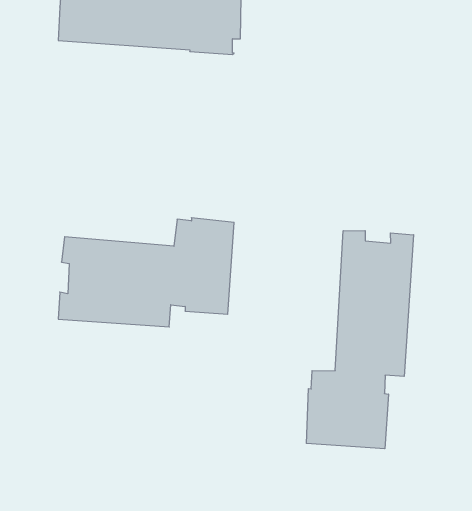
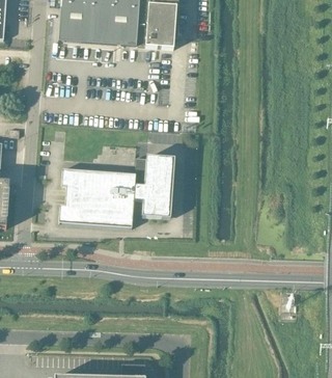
building: [306,231,414,449] -> none

